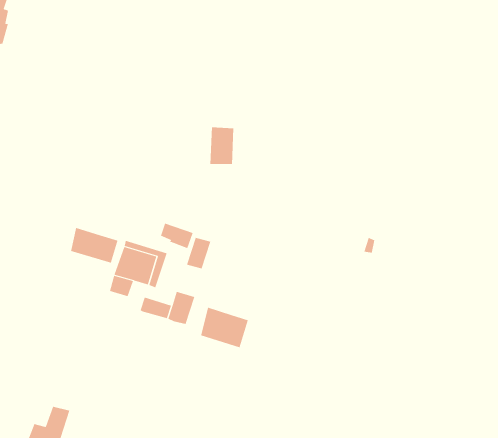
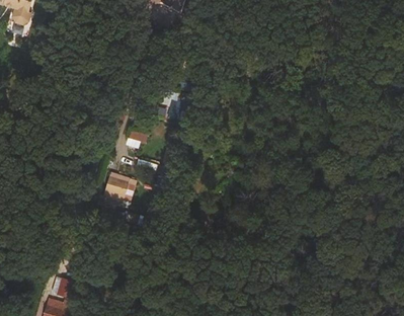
building: [70,227,118,264] -> none
building: [200,307,249,348] -> none

